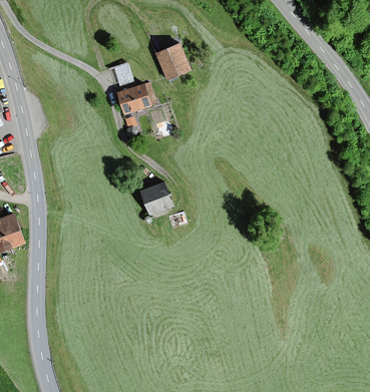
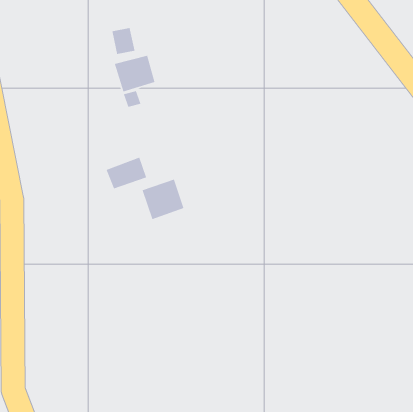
building: [156,48,188,81] -> none
building: none -> [106,156,147,190]

